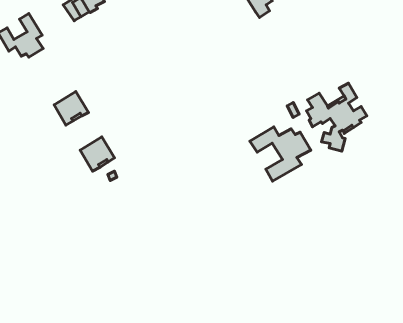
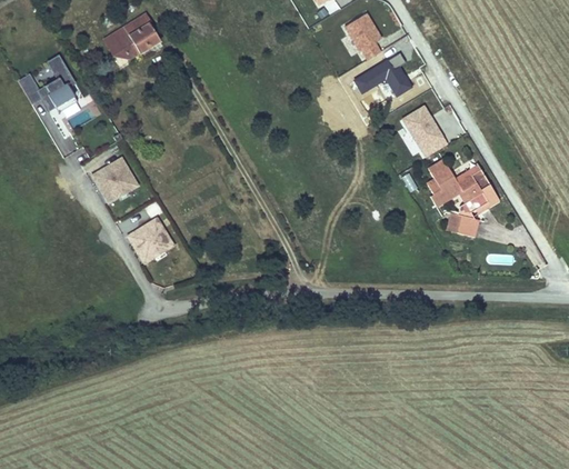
building: none -> [353,51,411,97]
building: none -> [402,106,446,154]
building: [250,127,311,181] -> none

